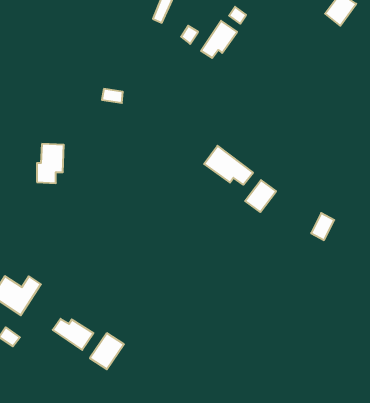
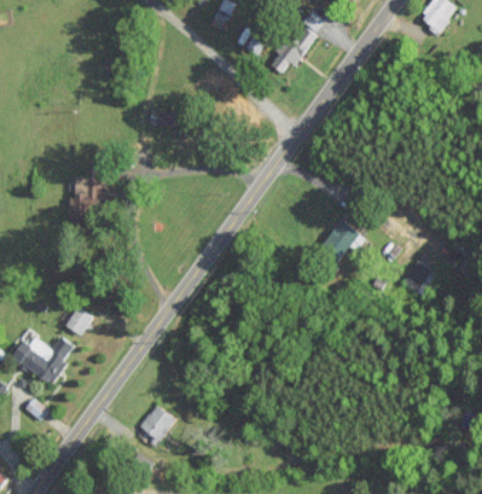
building: [204,146,253,185] -> none
building: none -> [58,307,93,336]
building: [53,319,93,350] -> none

